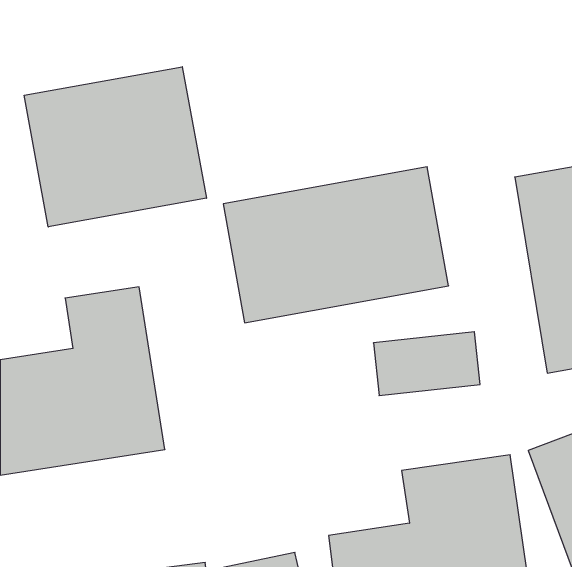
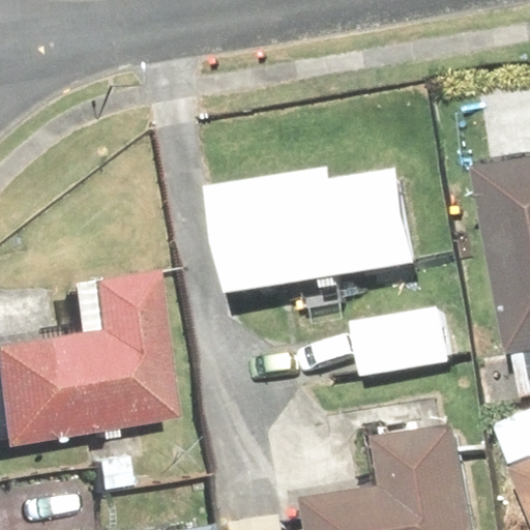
building: [24,67,206,227] -> none

